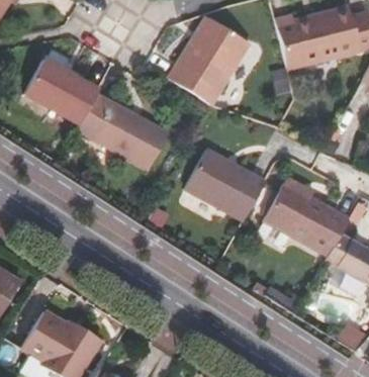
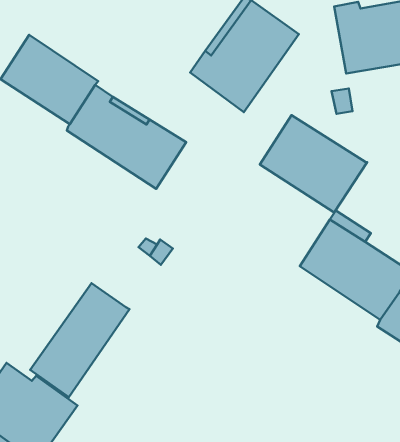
building: [185,149,267,220] -> [260,115,367,213]
building: none -> [30,283,130,397]

